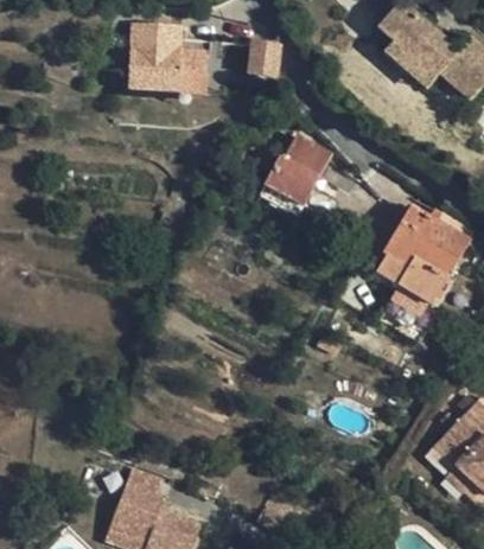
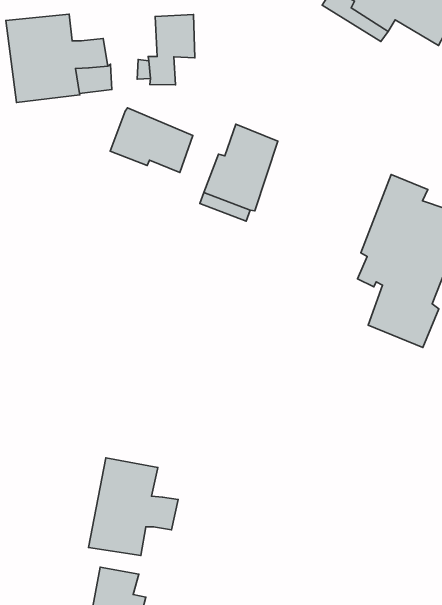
building: none -> [110,108,193,172]
building: none -> [89,458,178,556]

